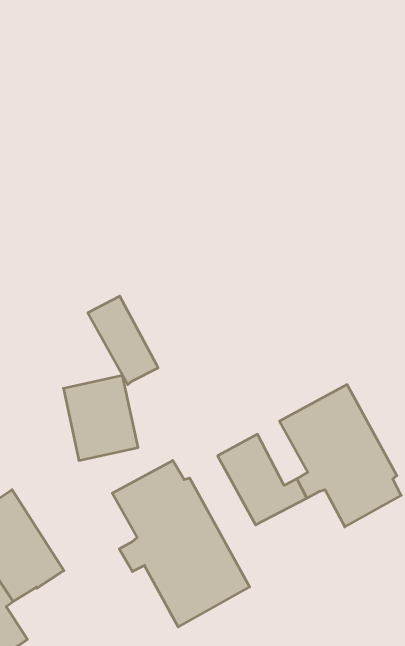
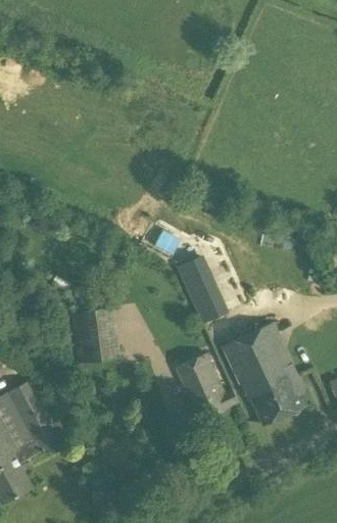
building: [88,296,158,385] -> [178,257,225,321]
building: [112,460,250,627] -> none

